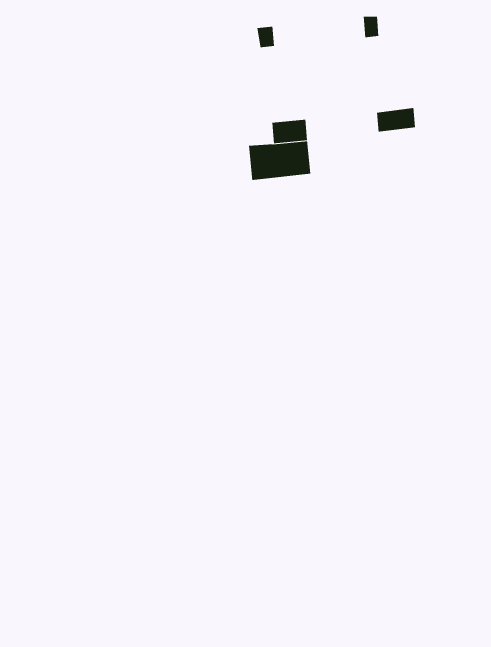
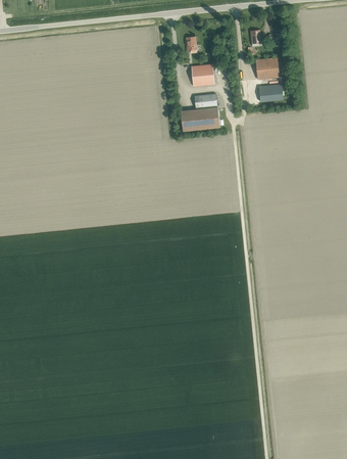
building: none -> [255,57,279,80]
building: none -> [191,64,213,86]

